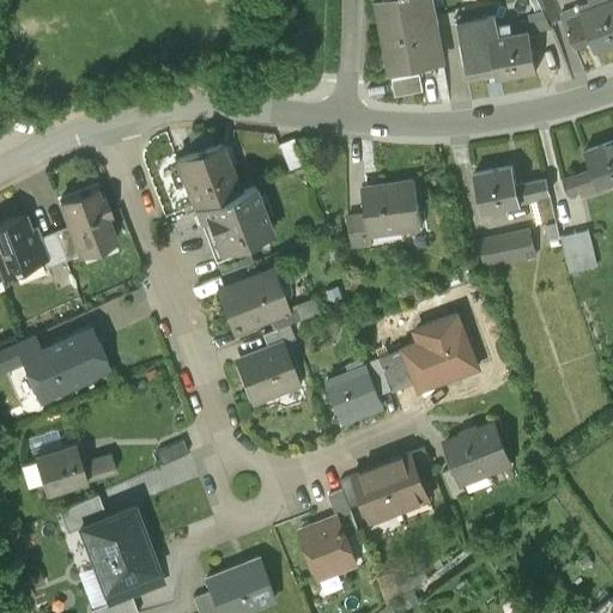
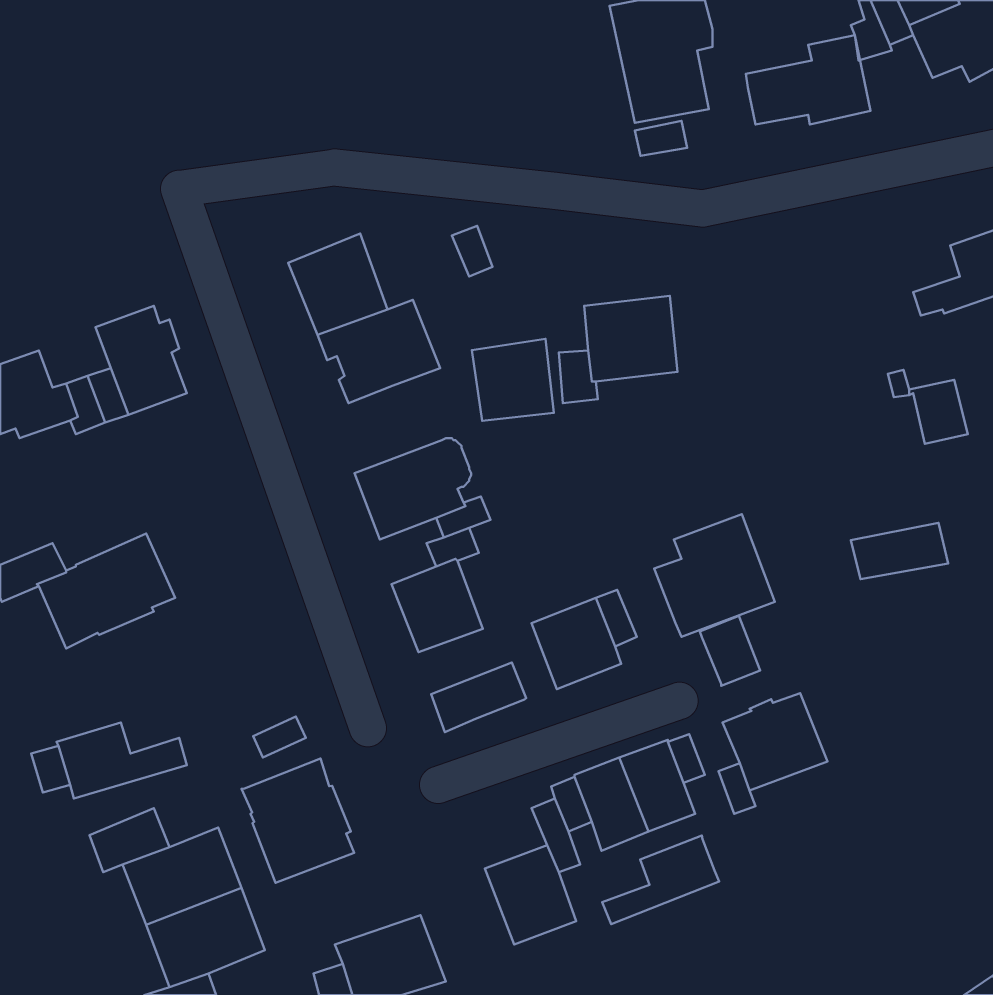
building: [456,17,500,45] -> none
building: [475,166,550,212] -> none
building: none -> [472,339,554,421]
building: [481,232,541,267] -> [851,523,948,579]
building: [216,237,253,273] -> none
building: [380,350,417,393] -> [700,616,760,686]
building: none -> [431,663,526,732]
building: none -> [241,759,354,883]
building: none -> [602,836,719,924]

